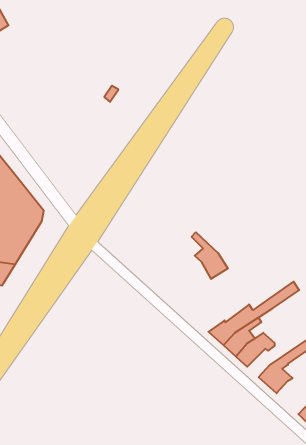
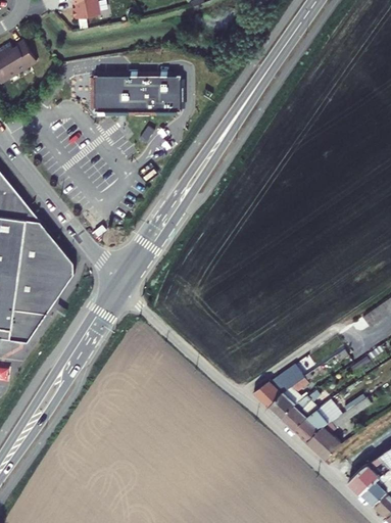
building: none -> [91,72,179,111]
building: [192,232,228,279] -> none
building: none -> [292,408,330,441]

